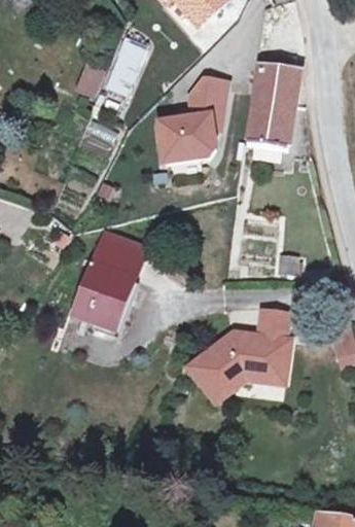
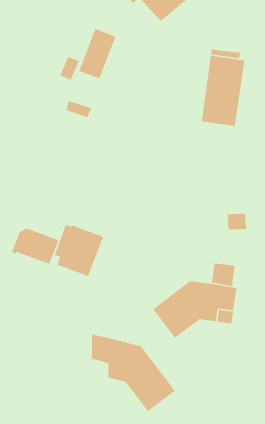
building: [154,77,230,164] -> none
building: [85,237,143,281] -> [11,228,60,265]
building: none -> [91,334,176,412]

